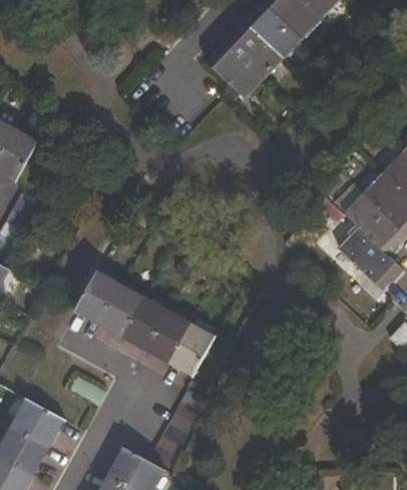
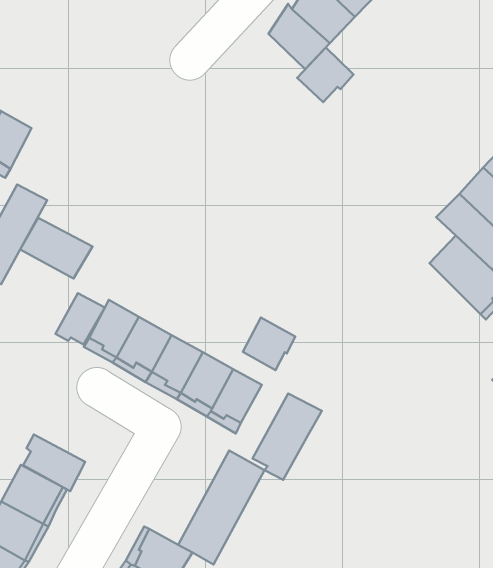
building: none -> [297,48,354,102]
building: none -> [20,218,93,279]
building: none -> [56,293,105,345]
building: none -> [243,318,295,370]
building: none -> [253,394,322,480]
building: none -> [23,435,85,491]

